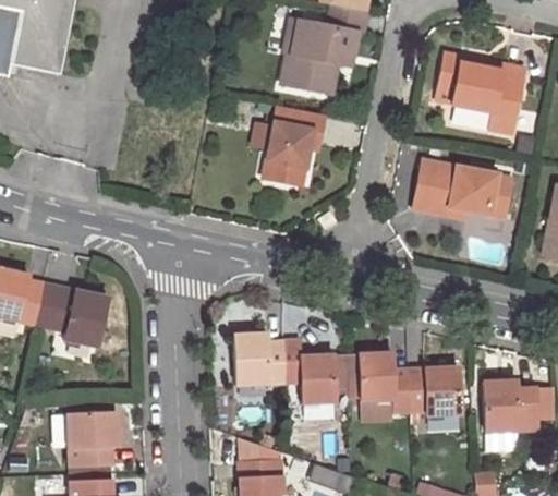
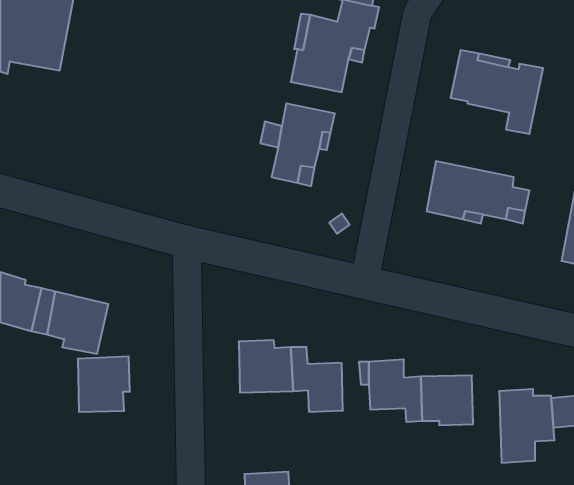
building: [66,412,117,465] -> [78,356,130,412]

